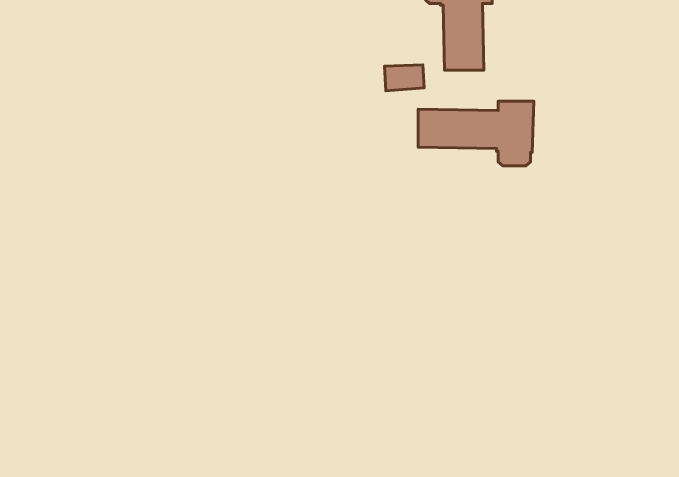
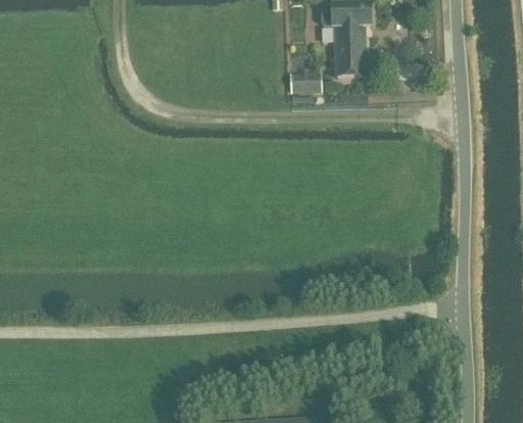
building: [418,101,534,166] -> none

